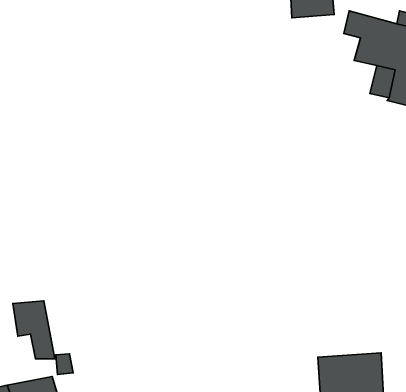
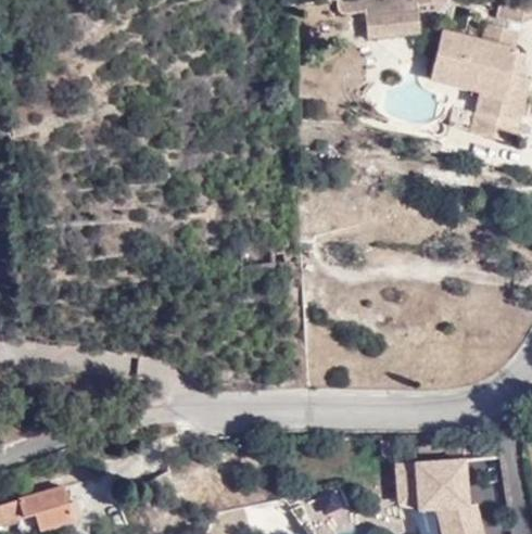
building: [13,301,55,359] -> none

